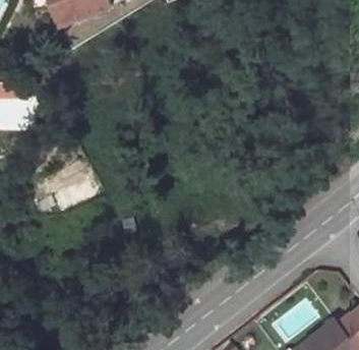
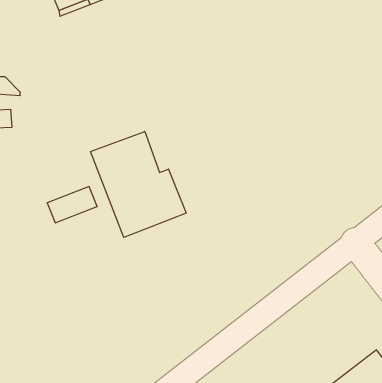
building: none -> [91,131,186,237]

